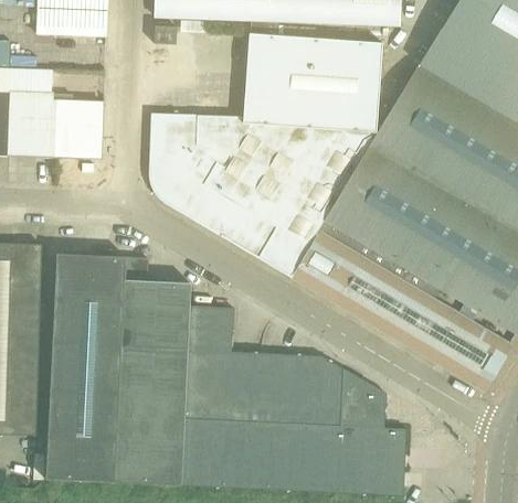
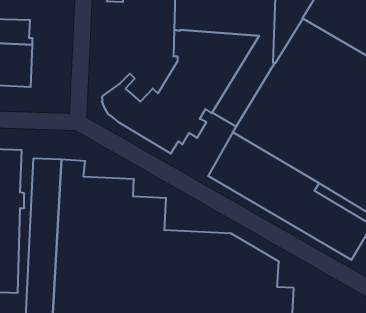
building: [54,93,105,159] -> none
building: [150,113,251,178] -> none
building: [242,188,329,276] -> none

